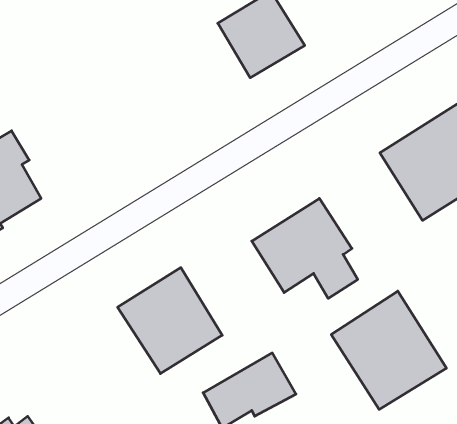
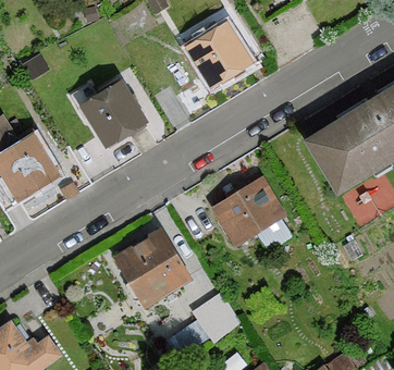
building: none -> [81,82,146,147]
building: [331,291,446,409] -> none

